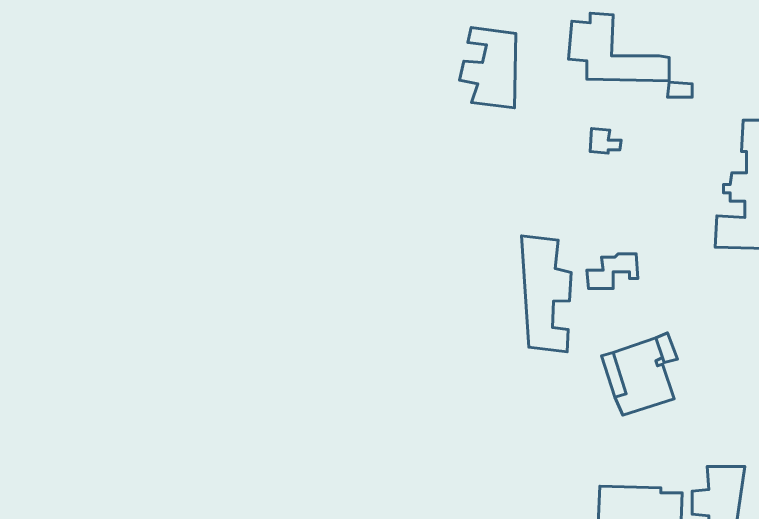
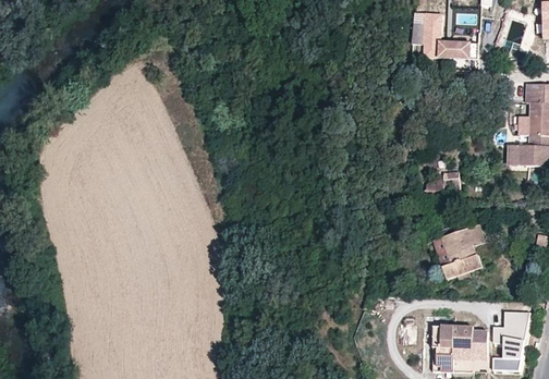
building: [459,28,516,108] -> none
building: [522,236,571,352] -> none

